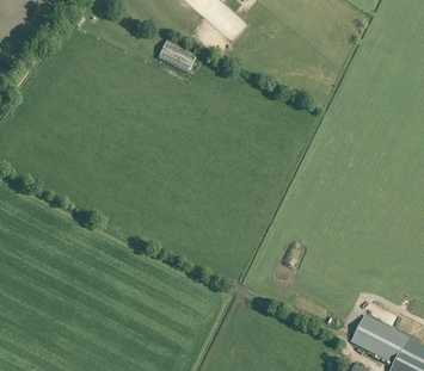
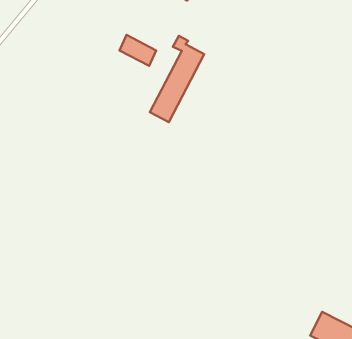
building: none -> [150,36,204,122]

